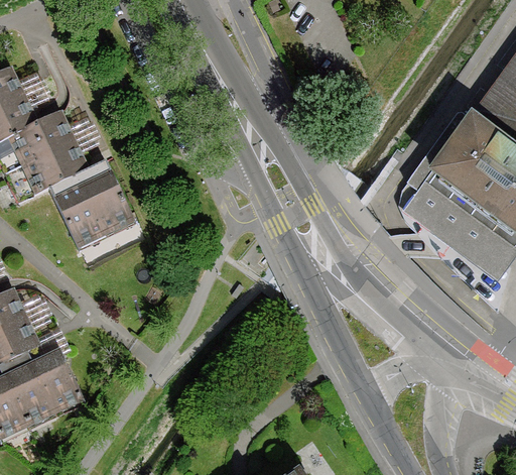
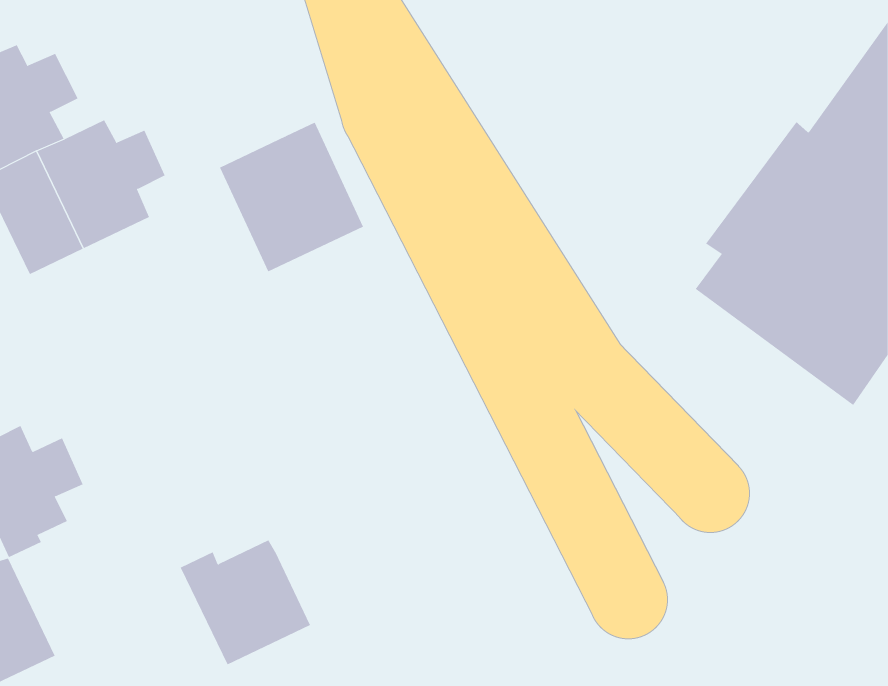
building: [50,161,134,248] -> [219,122,364,272]
building: [7,350,83,423] -> [180,539,311,665]

